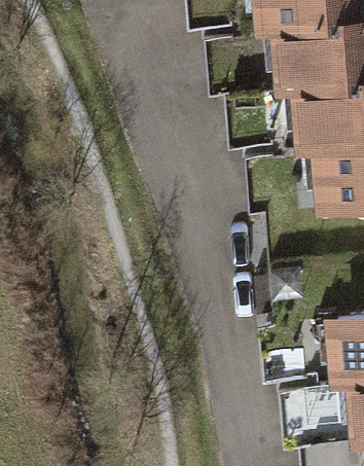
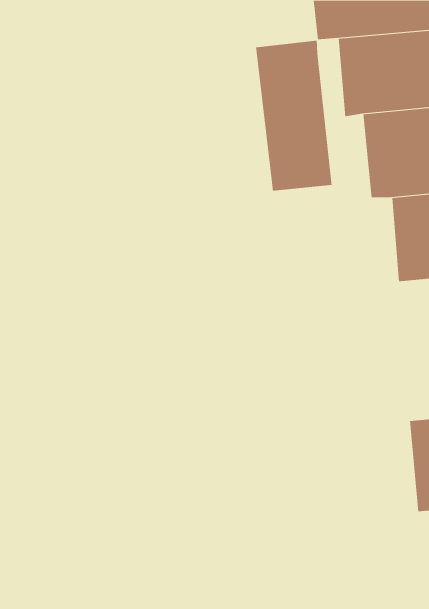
building: none -> [255,40,332,191]

